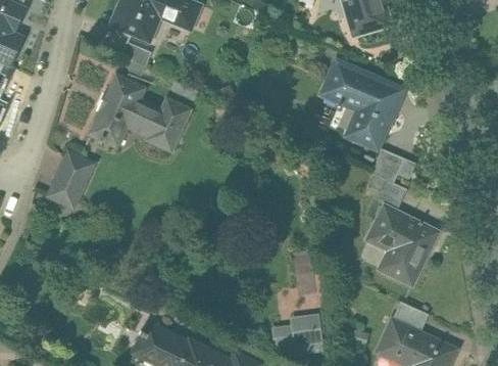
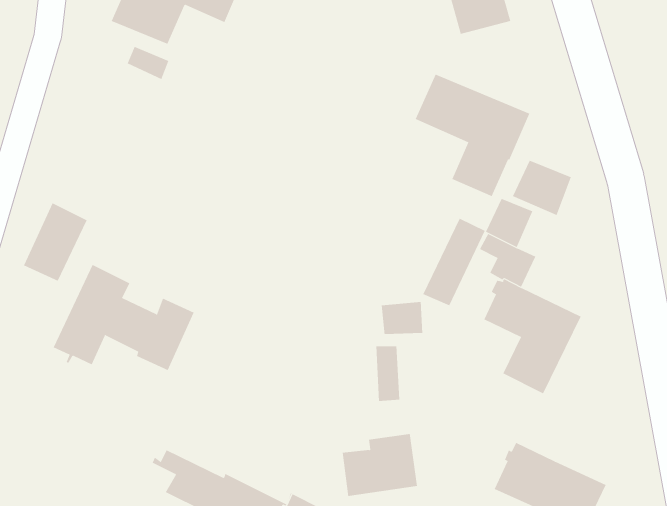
building: [89,75,188,149] -> [53,264,195,371]
building: none -> [512,160,572,216]
building: none -> [422,218,486,306]
building: none -> [381,301,423,335]
building: [392,301,428,332] -> none

